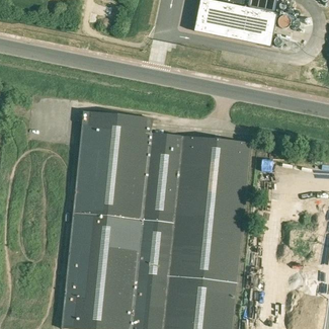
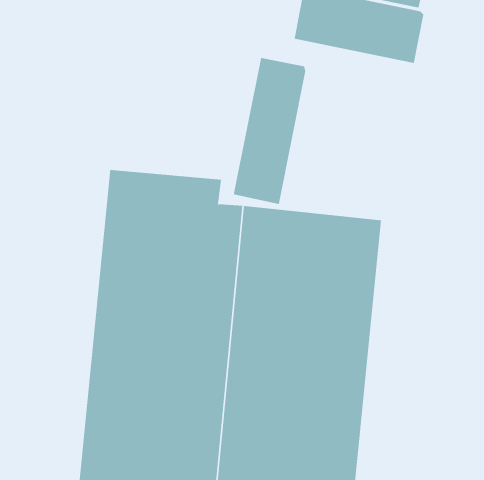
building: none -> [233,57,306,205]

